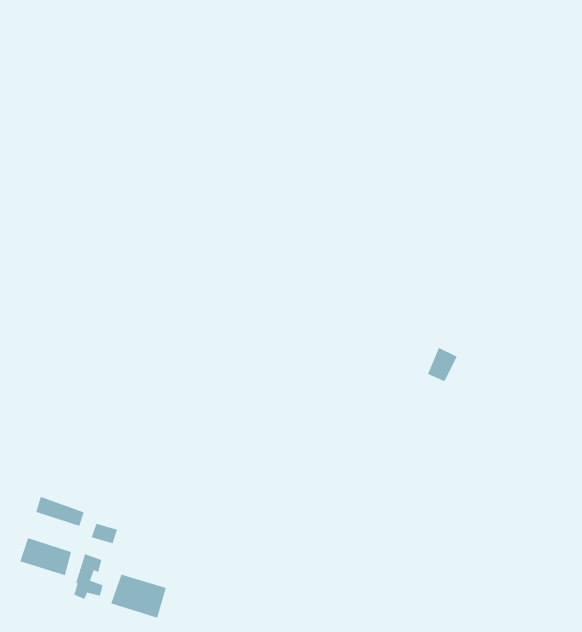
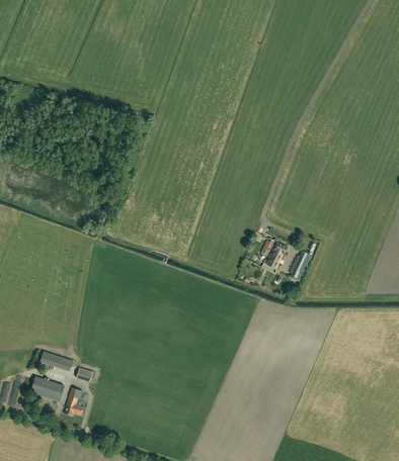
building: none -> [260,239,288,269]
building: [111,574,167,619] -> none

